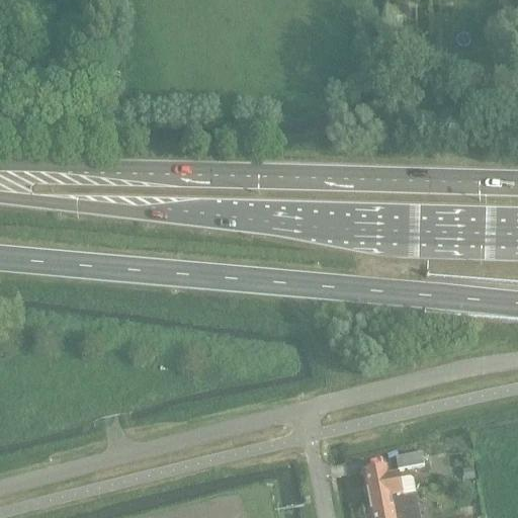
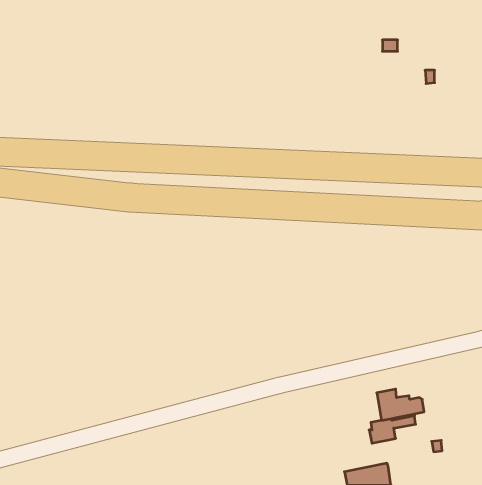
building: [362,469,413,503] -> [377,389,424,420]

